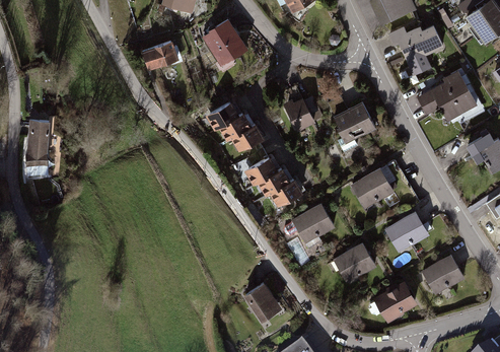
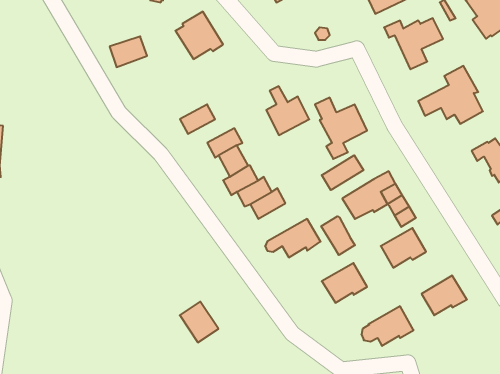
building: [219,113,251,139] -> none
building: none -> [322,155,363,190]
building: none -> [321,216,355,255]
building: [245,284,280,321] -> [180,302,218,342]

